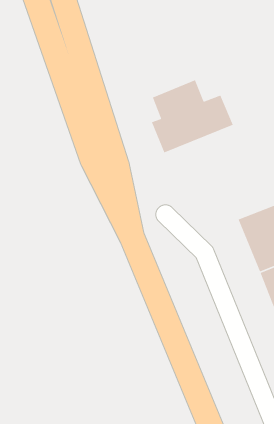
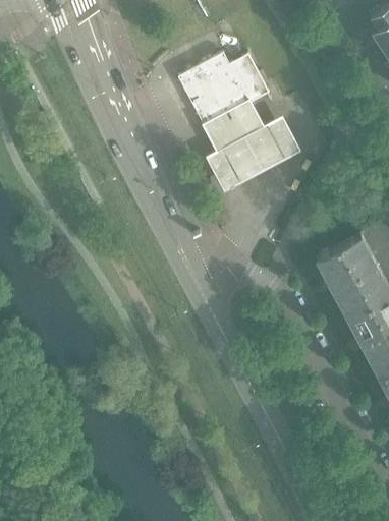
building: none -> [177,54,269,129]

